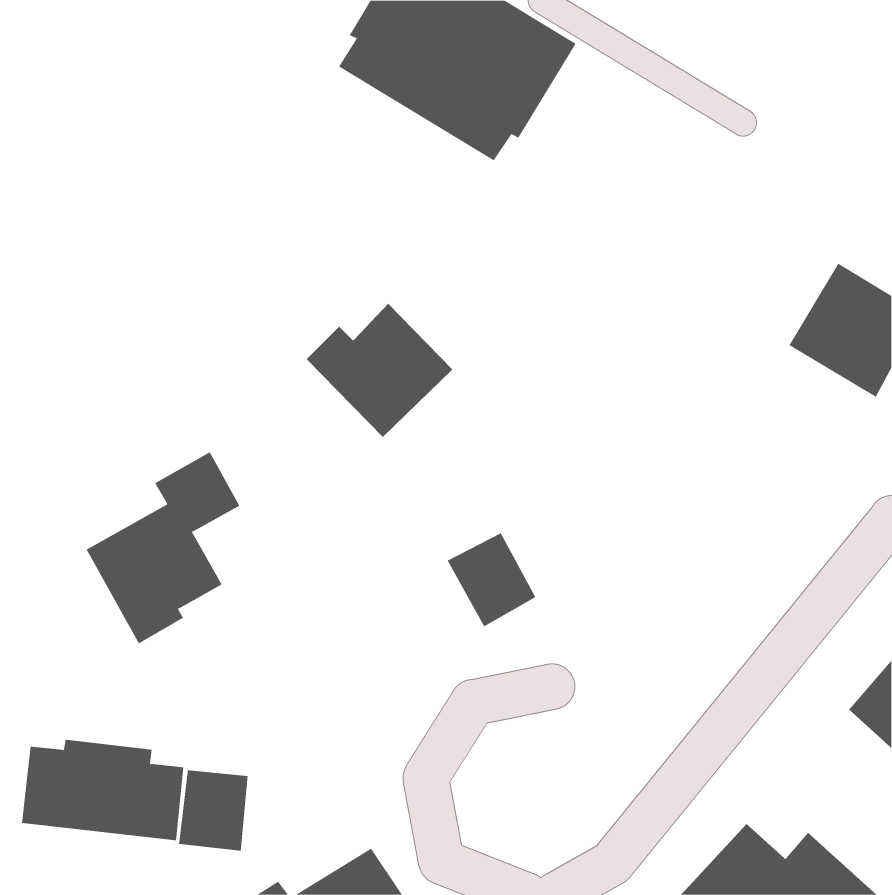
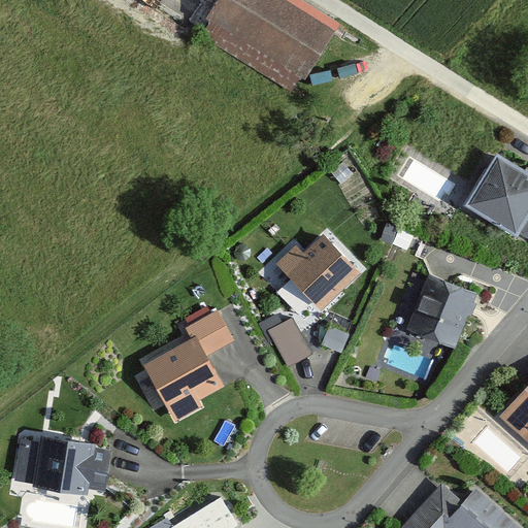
building: [306,303,453,438] -> [274,232,361,311]
building: [86,452,240,644] -> [143,310,234,424]
building: none -> [406,274,476,349]
building: [179,770,248,851] -> none

